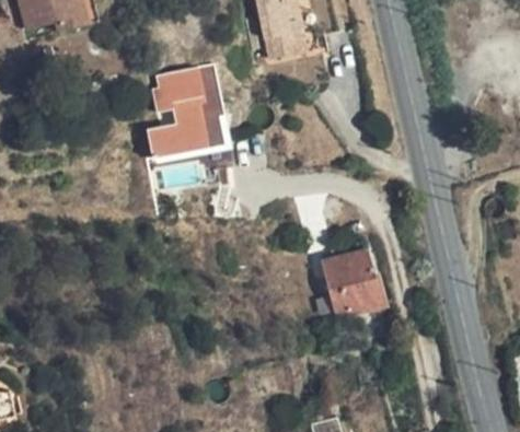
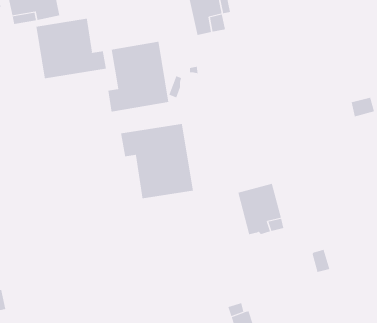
building: none -> [36,18,106,79]
building: none -> [121,123,193,199]

